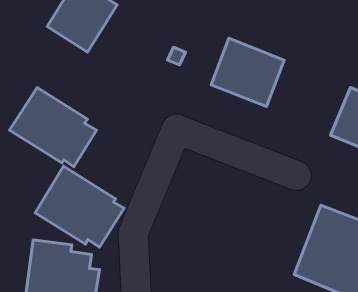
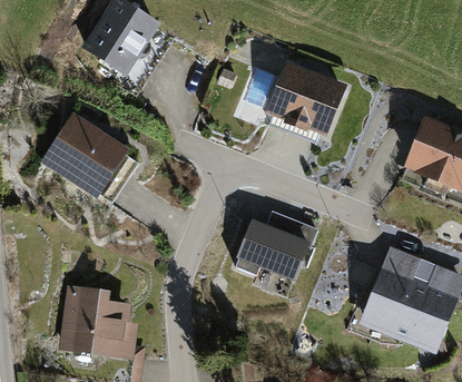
building: [35,166,124,247] -> none
building: none -> [234,212,316,282]

